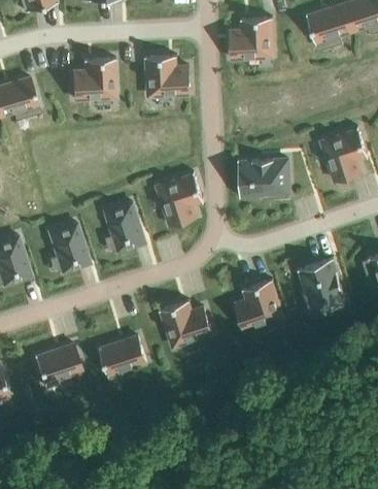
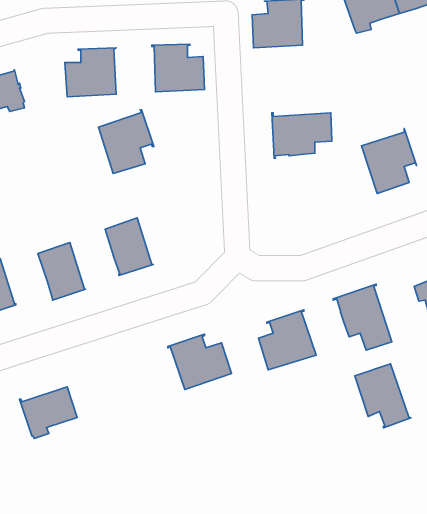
building: [238,158,288,196] -> [272,113,332,158]
building: [158,171,204,225] -> [99,110,154,174]
building: none -> [355,364,411,428]
building: [98,335,147,379] -> none

